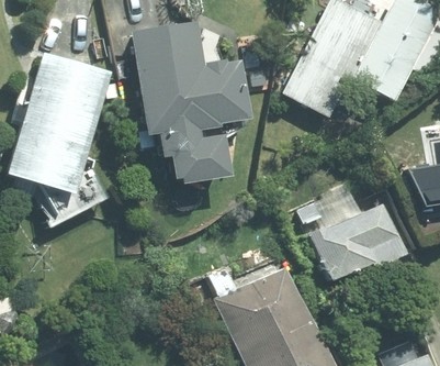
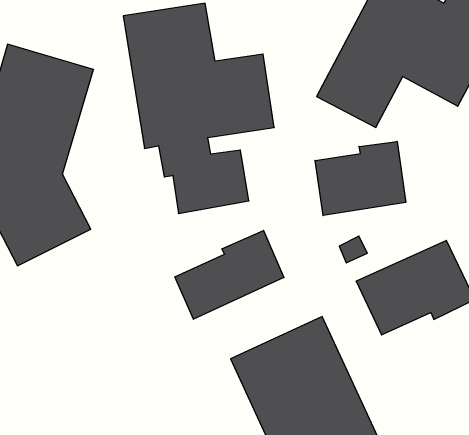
building: none -> [315,141,406,216]
building: none -> [175,230,284,319]

